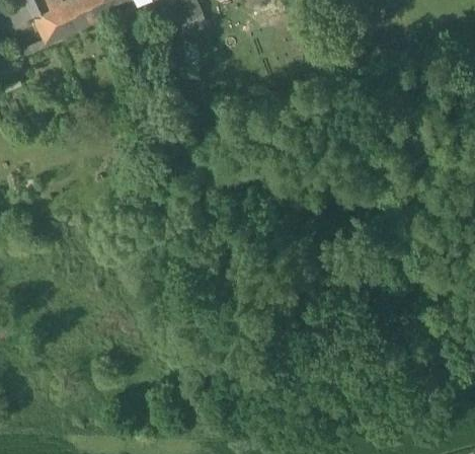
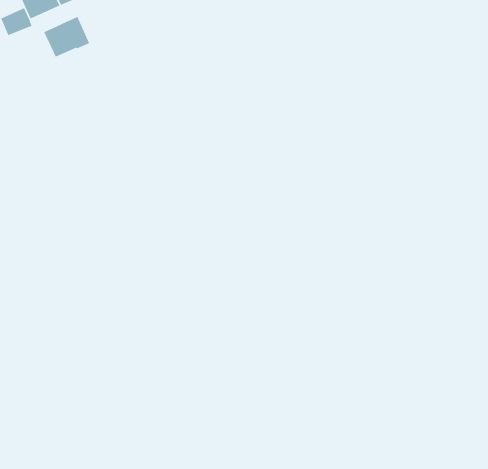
building: none -> [43,16,90,58]

